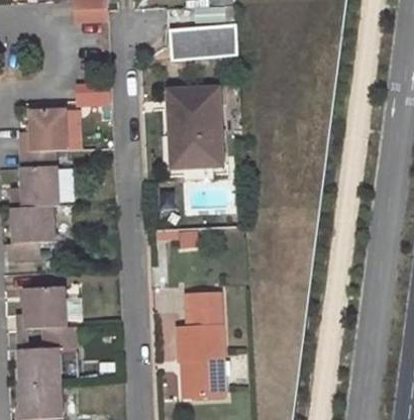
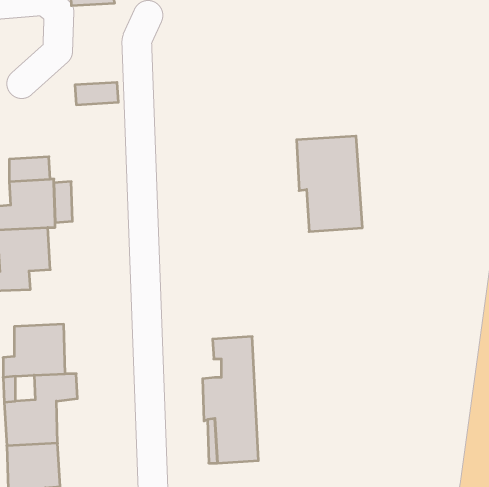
building: [169,24,231,59] -> none
building: [167,89,220,167] -> [297,136,362,232]
building: [19,110,67,148] -> none

